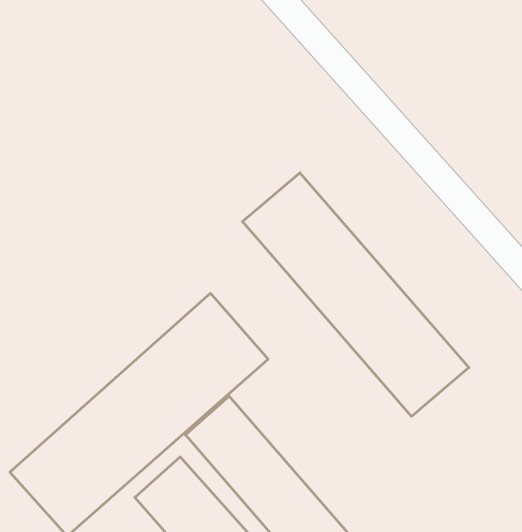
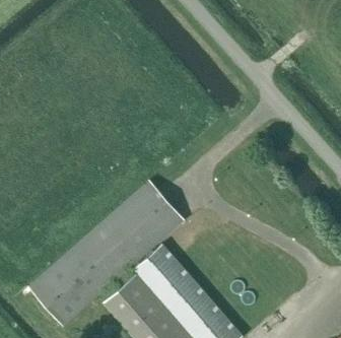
building: [242,173,469,416] -> none

